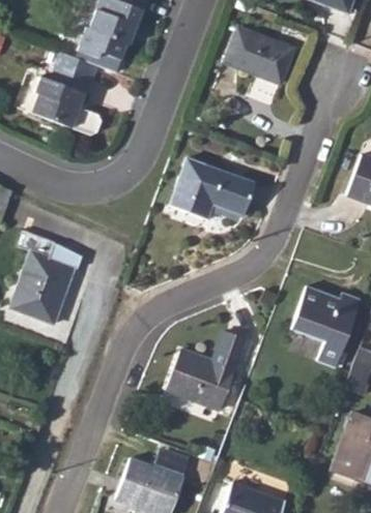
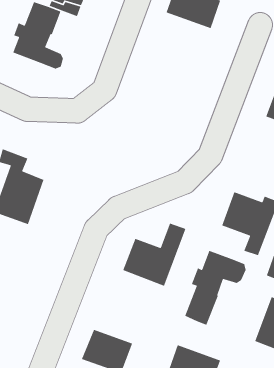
building: [170,158,255,218] -> none
building: none -> [184,250,246,326]

